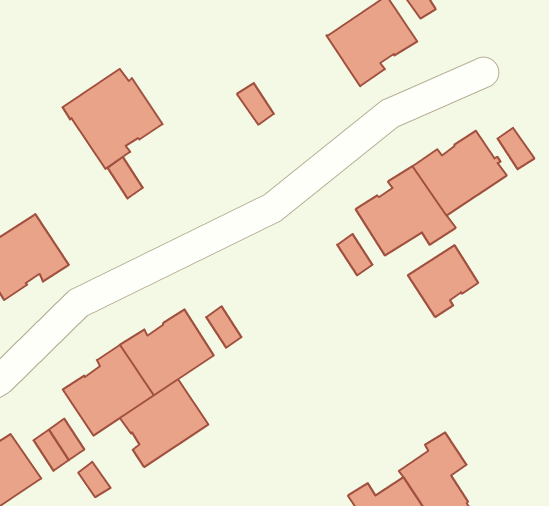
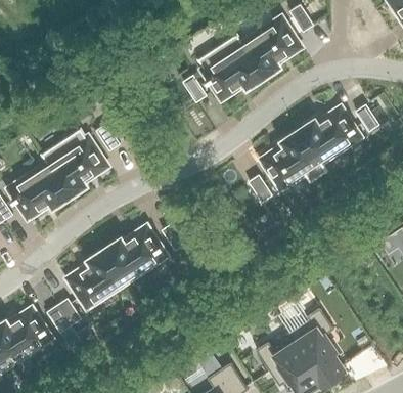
building: none -> [198,36,264,100]
building: [62,69,163,169] -> [42,130,108,196]
building: [408,245,478,317] -> none
building: [120,379,208,467] -> none

